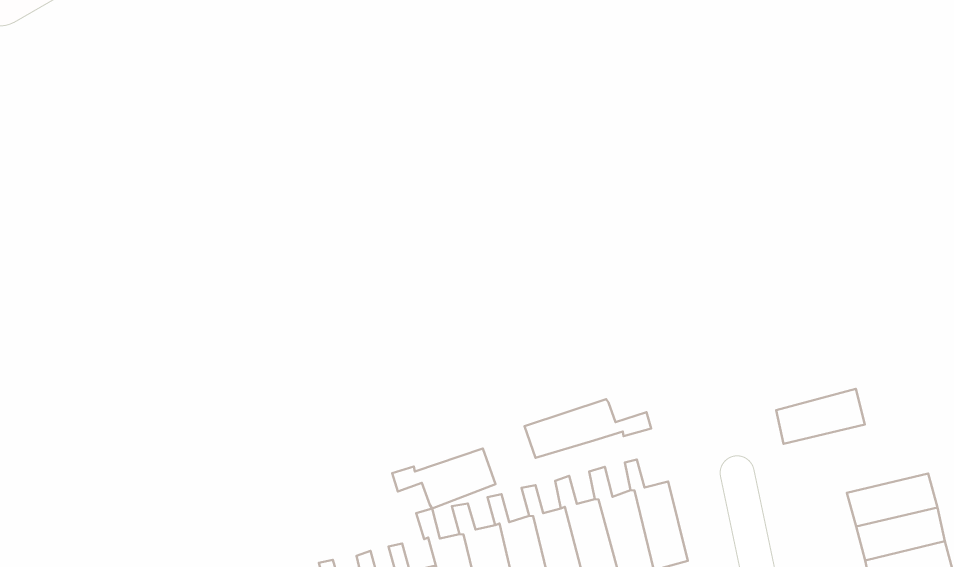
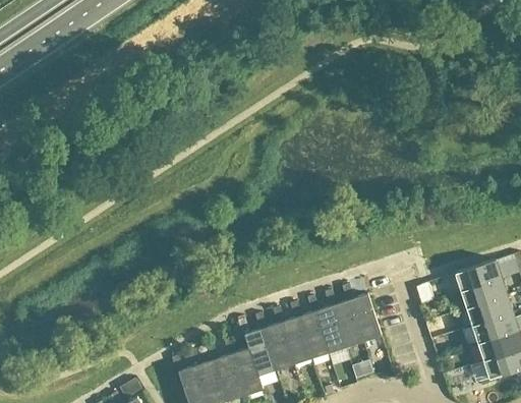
building: [776,389,865,444] -> [456,263,503,294]
building: [525,399,651,458] -> none
building: [392,448,495,509] -> none

